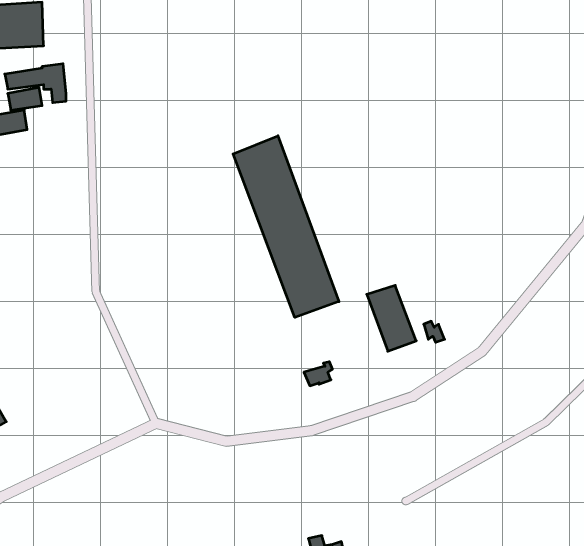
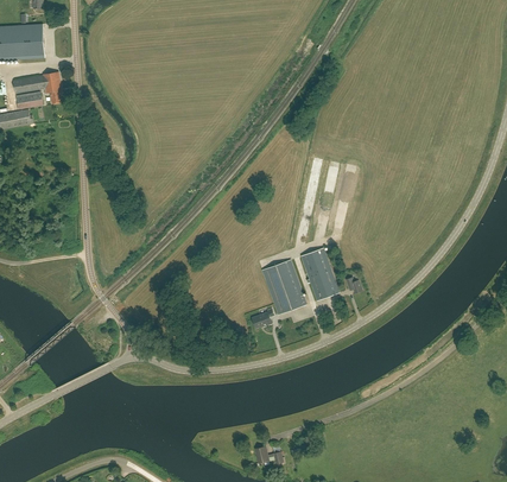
building: [233,136,339,317] -> none
building: none -> [261,260,306,315]

